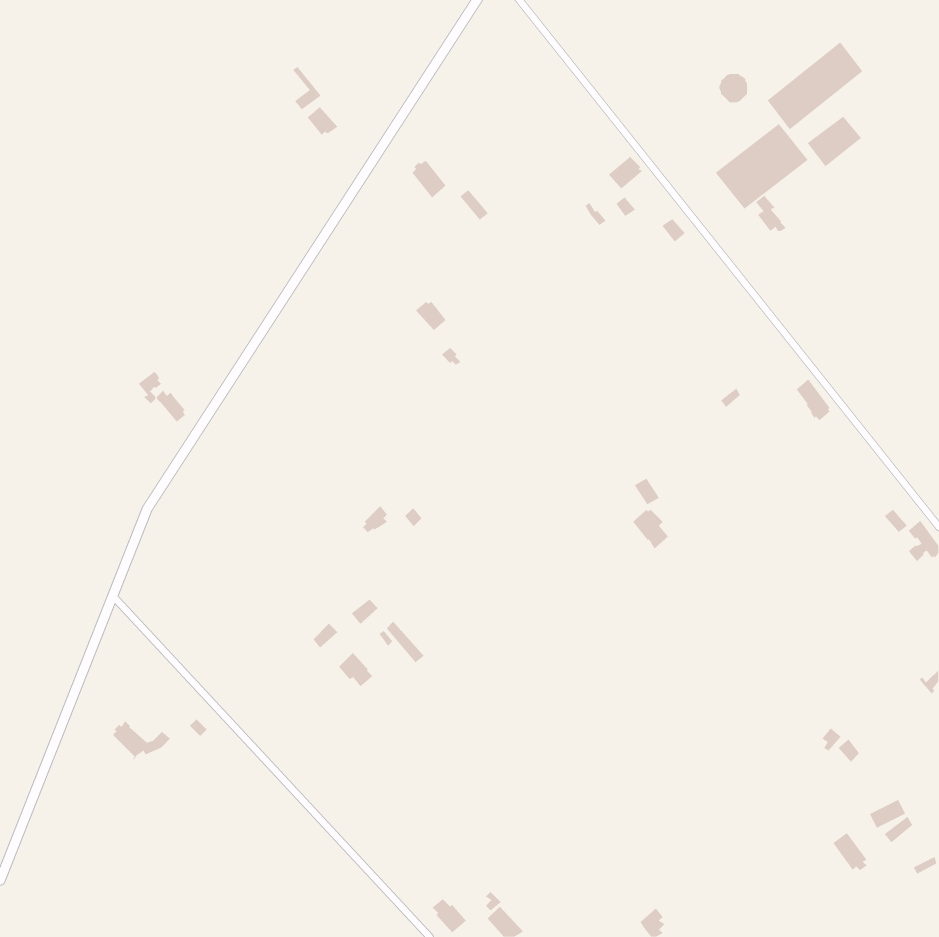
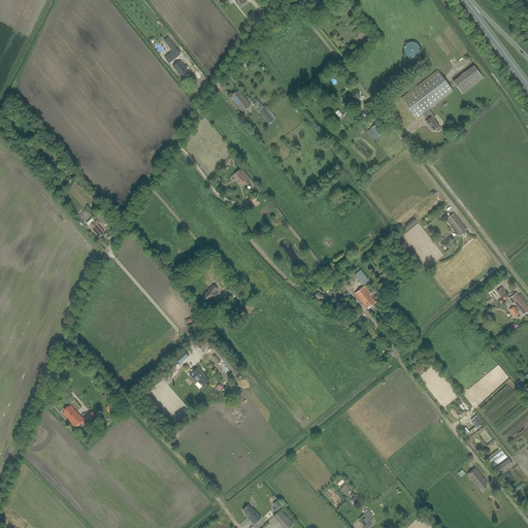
building: [767,41,863,130] -> none

